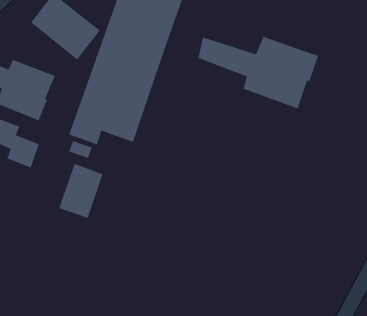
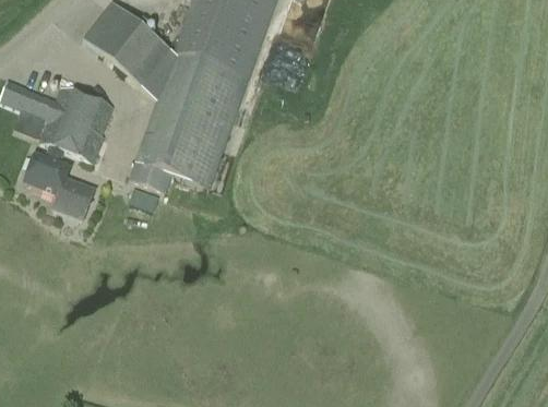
building: [197,36,319,109] -> none
building: [58,163,103,219] -> none

